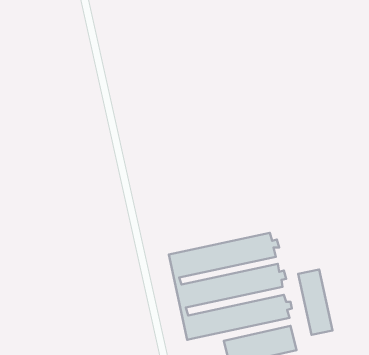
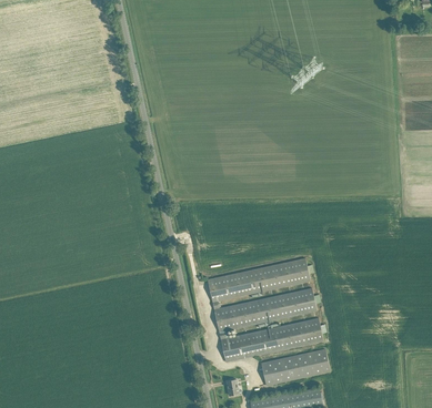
building: [298,269,332,335] -> none

